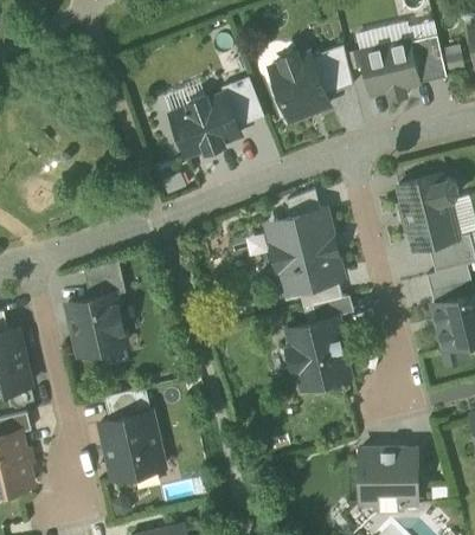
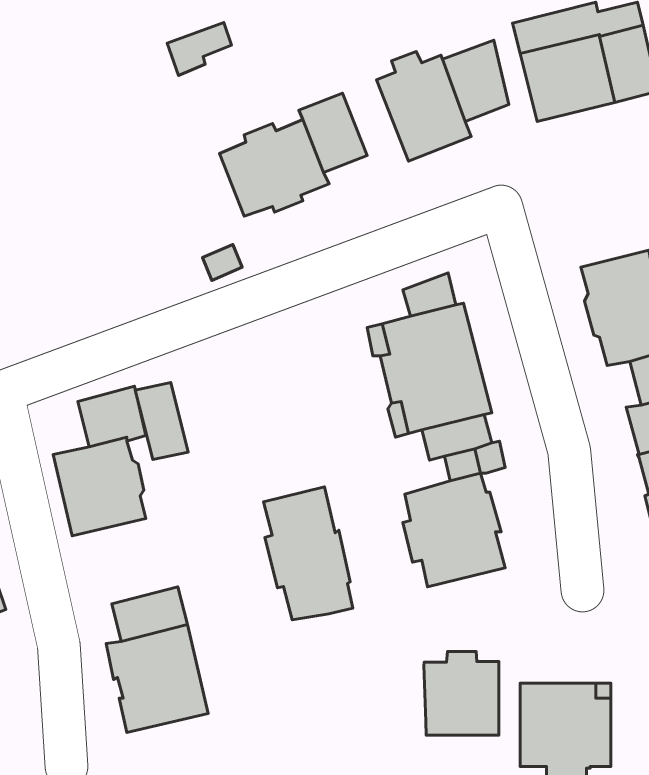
building: [163,84,204,117] -> [167,22,232,75]
building: none -> [135,383,188,460]
building: none -> [263,487,353,620]
building: none -> [424,651,499,735]

